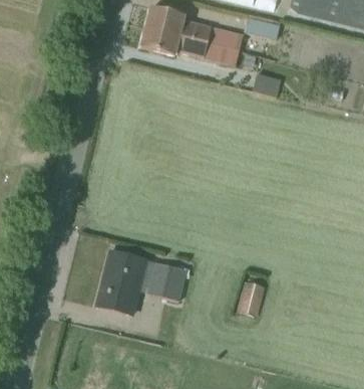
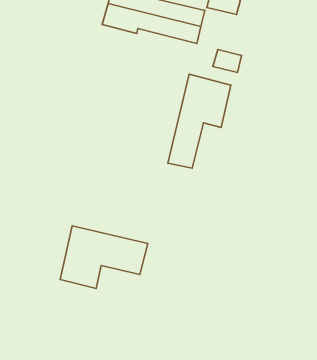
building: none -> [168,74,231,168]
building: [238,281,268,317] -> none

